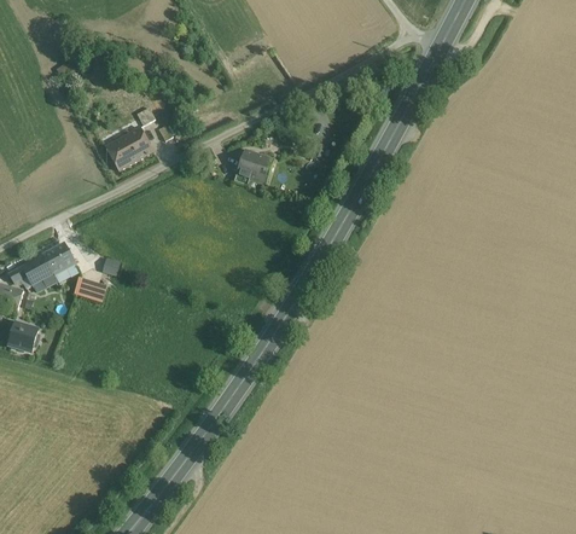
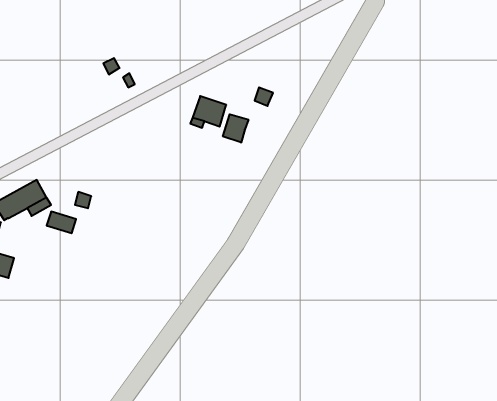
building: [104,126,152,169] -> none
building: none -> [223,114,248,143]

